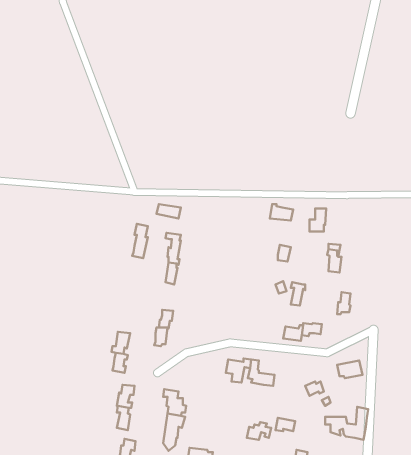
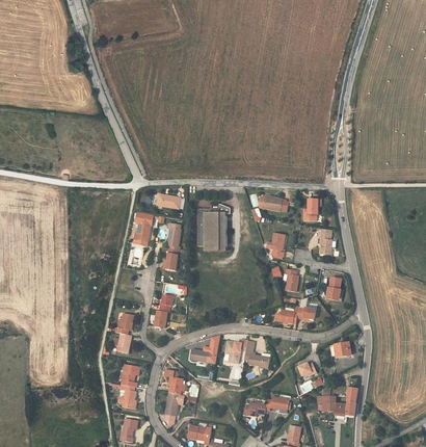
building: none -> [198,208,227,248]
building: none -> [191,337,221,362]

